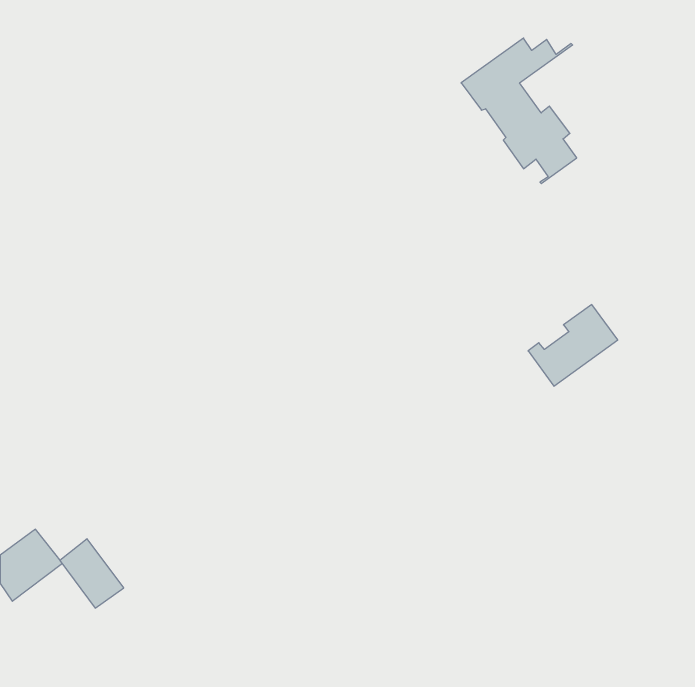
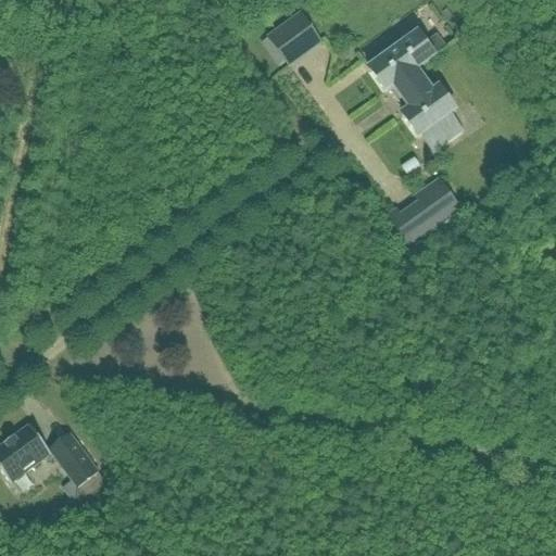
building: none -> [268,11,321,63]
building: [528,305,618,386] -> [388,178,459,243]

